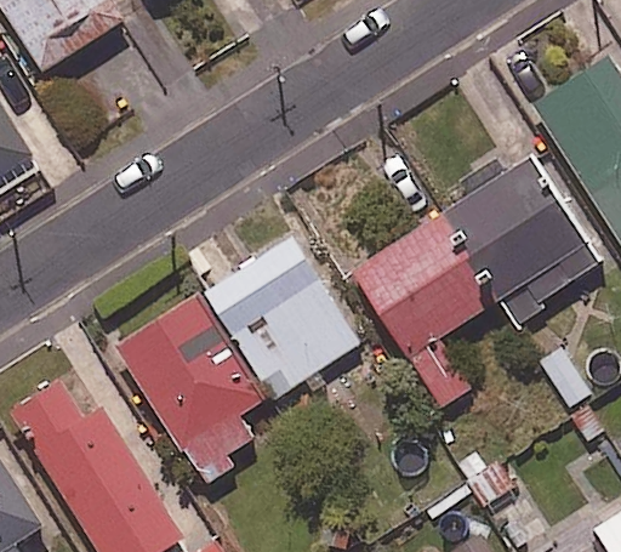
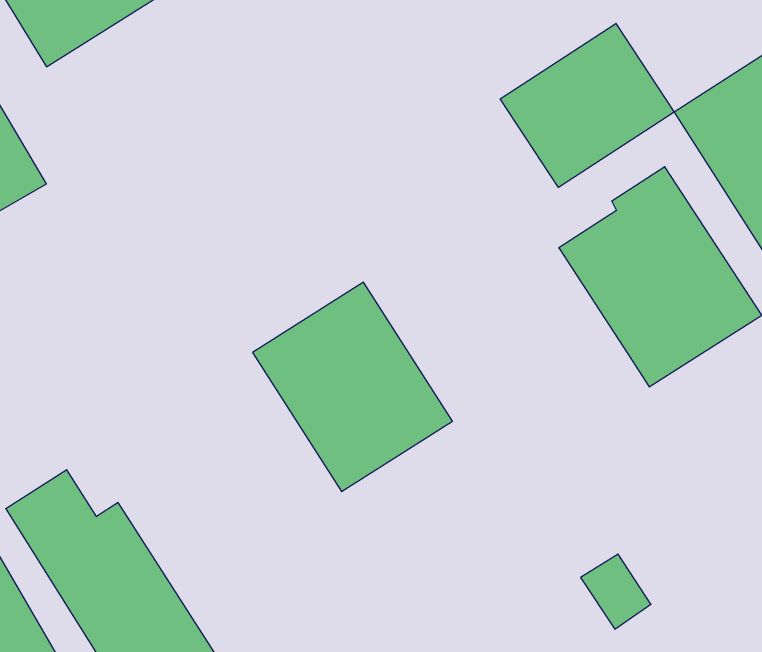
building: none -> [500,23,674,187]
building: [351,211,498,409] -> none
building: [112,291,263,478] -> none

